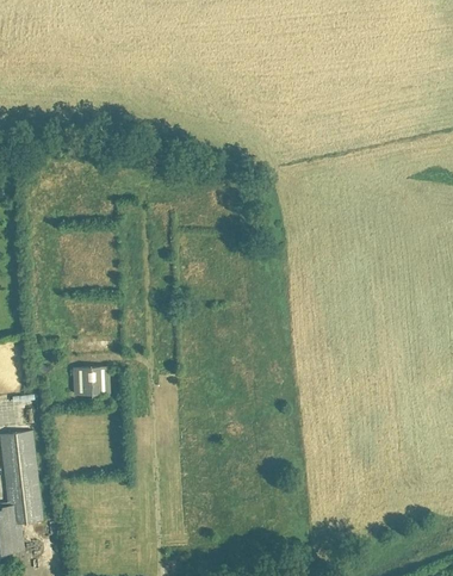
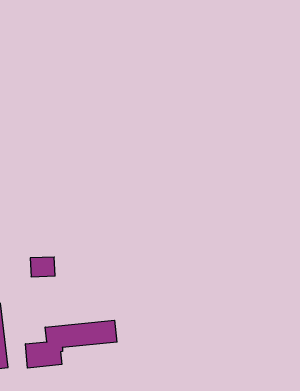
building: none -> [26,320,117,368]

